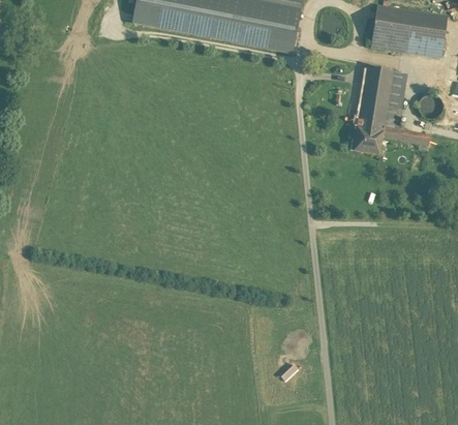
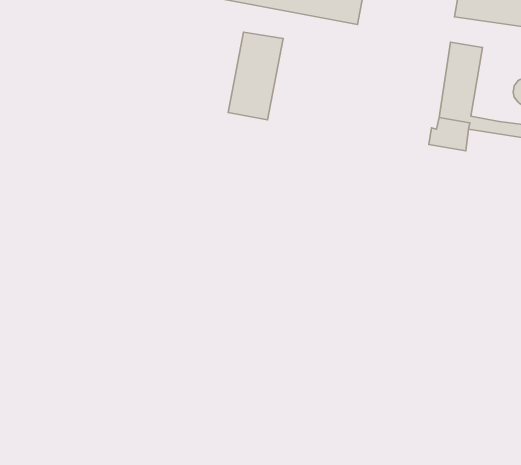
building: none -> [228,32,283,120]
building: [384,70,407,130] -> none

